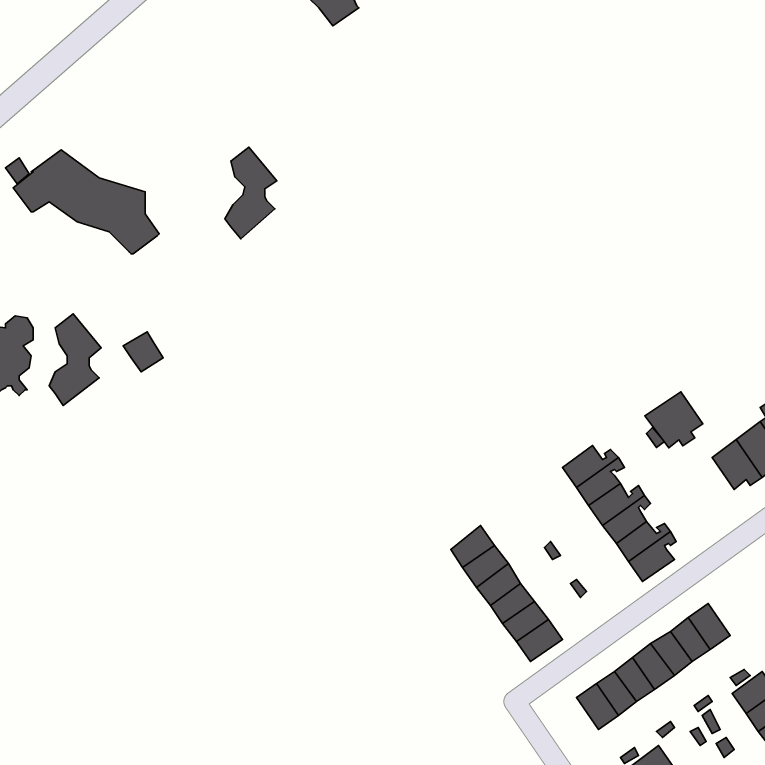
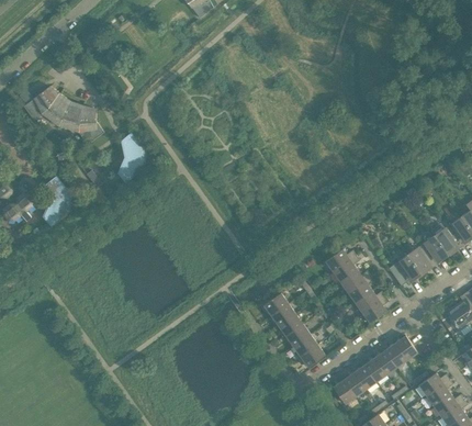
building: [225,147,277,239] -> [117,134,146,184]
building: [645,392,703,448] -> [389,256,420,287]

